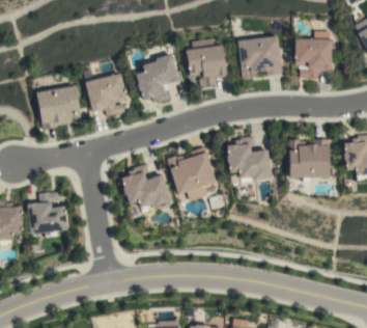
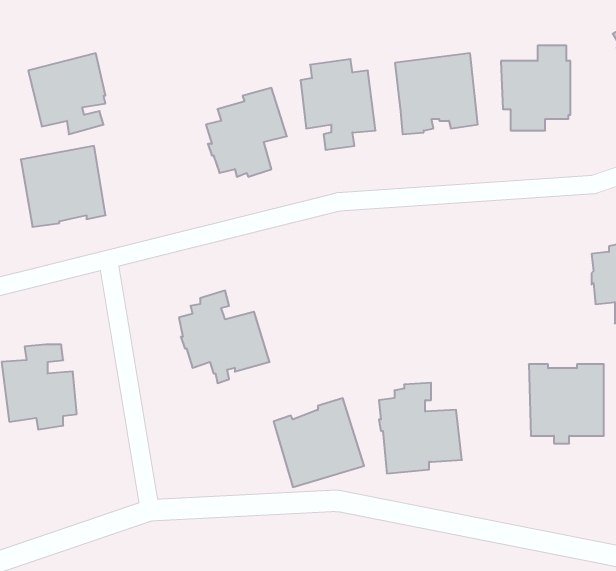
building: [85,73,126,116] -> [28,53,105,134]
building: [226,136,271,185] -> [379,383,462,473]
building: [288,139,329,182] -> [529,364,604,443]
building: [167,146,216,194] -> [274,398,364,487]

